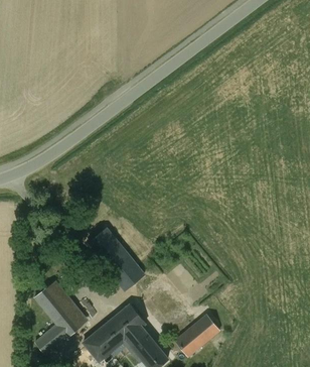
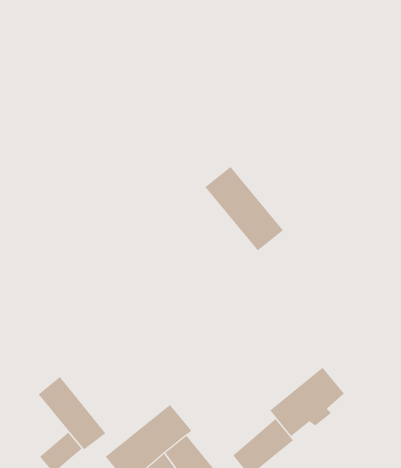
building: [87,228,144,289] -> [205,166,284,251]
building: none -> [269,367,344,437]

